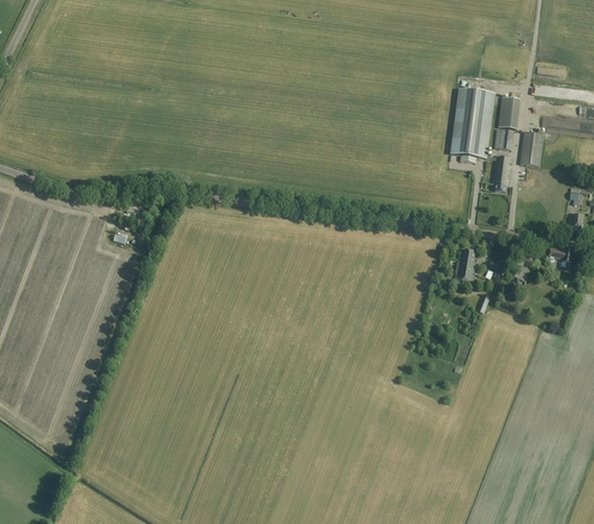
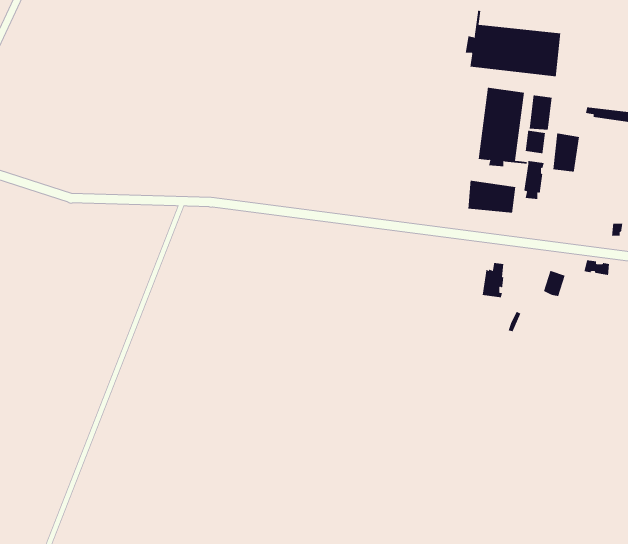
building: none -> [465,10,561,77]
building: none -> [468,180,516,214]

